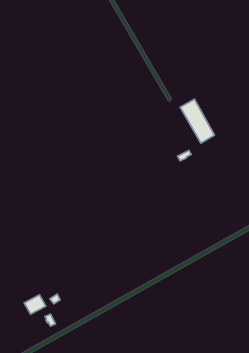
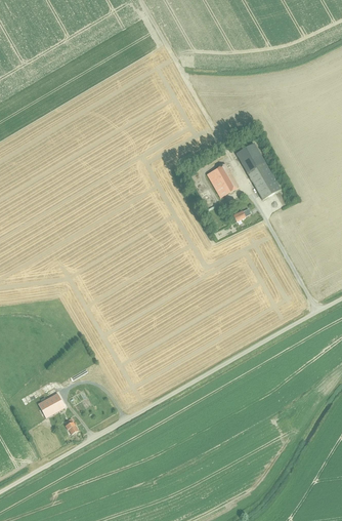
building: none -> [206,163,238,197]

